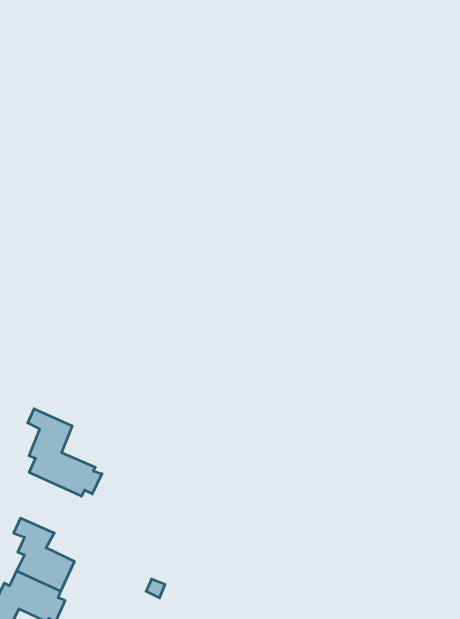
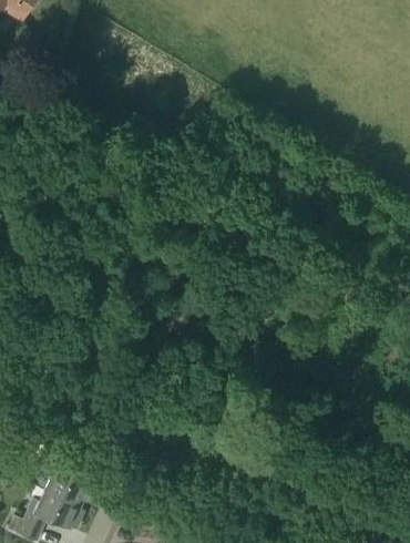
building: [28,409,102,496] -> none

